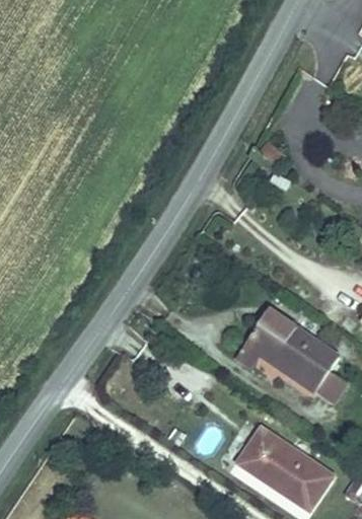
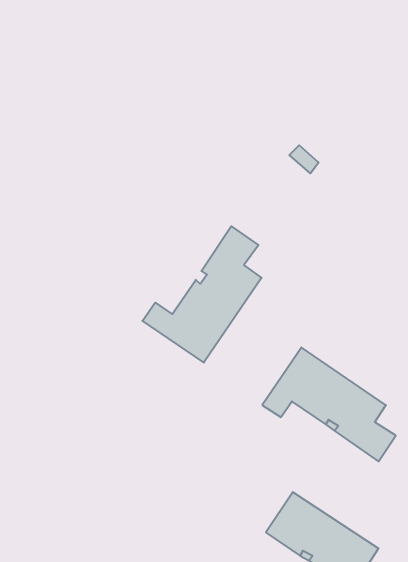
building: none -> [142,226,262,363]

